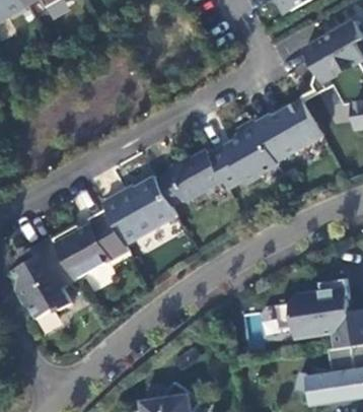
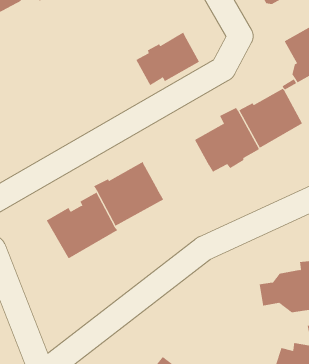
building: [155,149,223,206] -> [135,32,200,86]
building: [12,236,76,319] -> none

